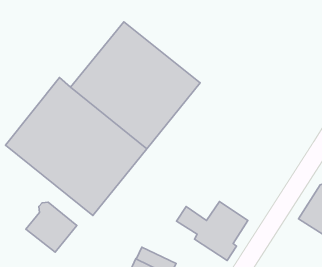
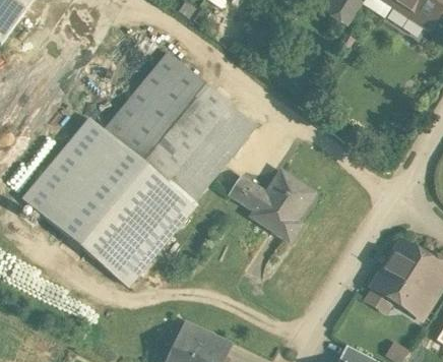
building: [177,202,248,261] -> [228,171,312,241]
building: [26,202,77,252] -> none

